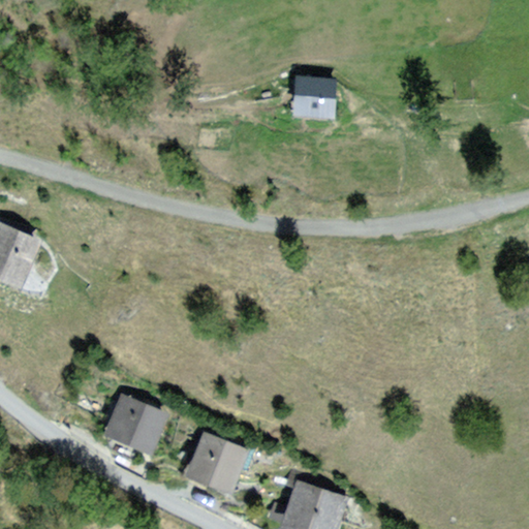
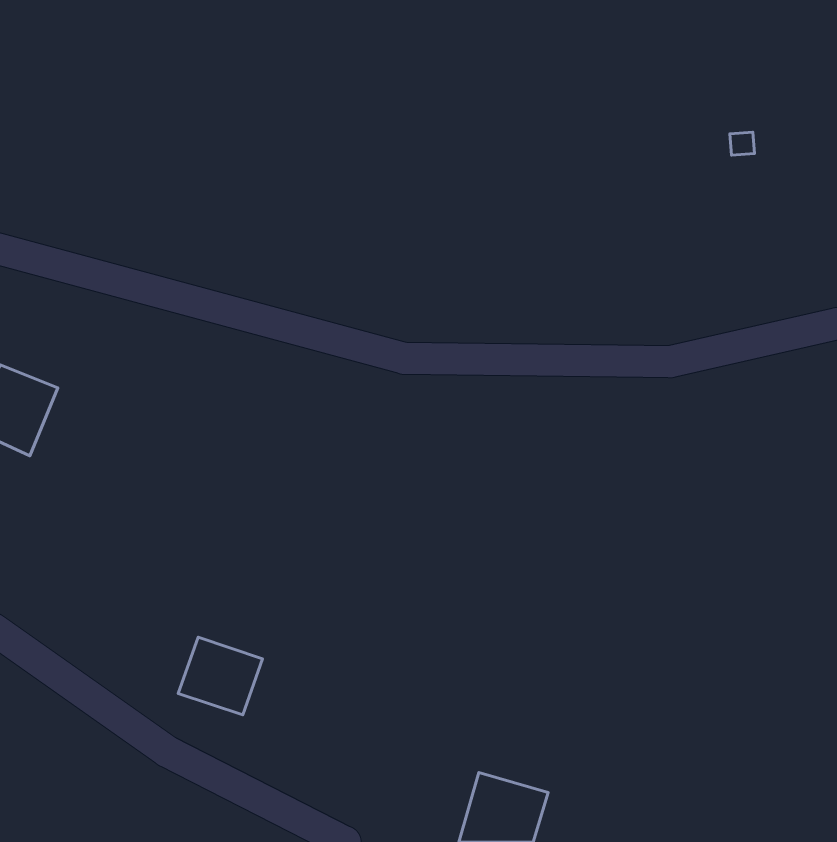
building: [299,83,332,116] -> none
building: [191,435,245,489] -> none

